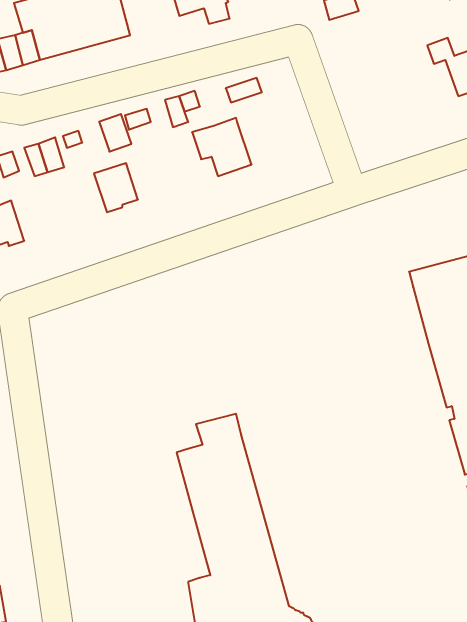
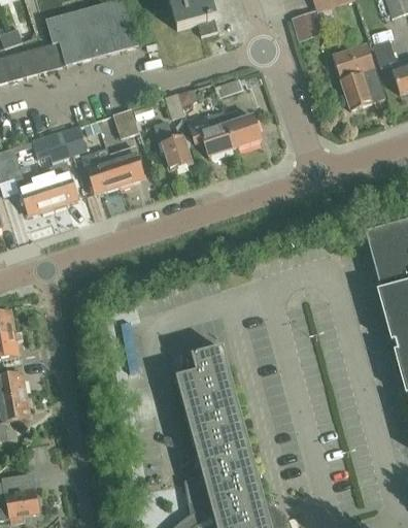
building: none -> [333,41,384,109]
building: none -> [224,108,262,147]
building: none -> [155,121,192,169]
building: none -> [82,150,120,192]
building: none -> [43,161,78,208]

